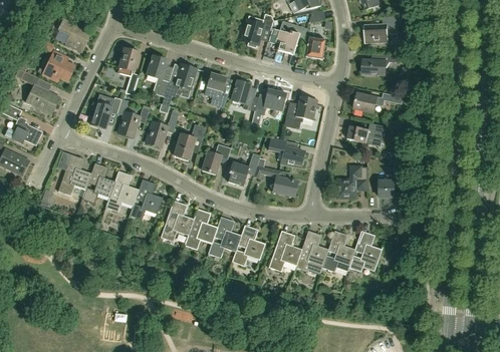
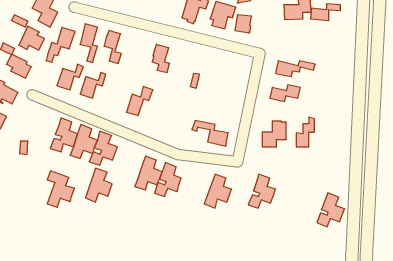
building: [362,55,399,75] -> [311,4,340,20]
building: [162,64,197,106] -> [46,27,75,62]
building: [231,81,253,109] -> none
building: [263,89,286,111] -> none
building: [284,96,315,129] -> none
building: [146,110,179,148] -> none
building: [268,137,304,166] -> none
building: [202,144,231,174] -> none
building: [58,151,91,196] -> [47,171,75,207]
building: [228,155,259,187] -> none
building: [161,201,193,242] -> [86,168,112,202]
building: [231,225,265,266] -> none
building: [295,231,328,272] -> none
building: [348,231,382,272] -> [317,193,345,227]

